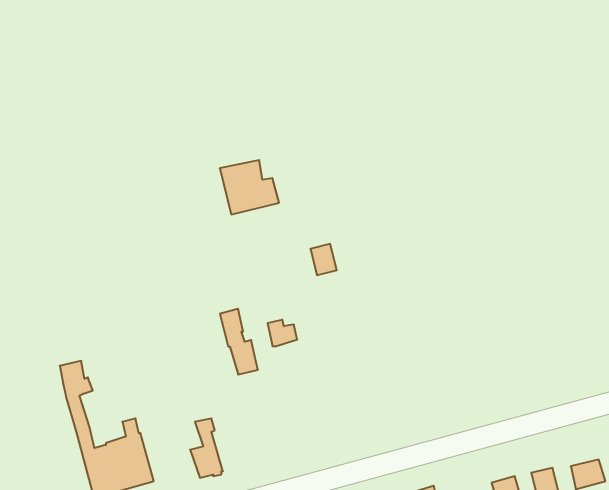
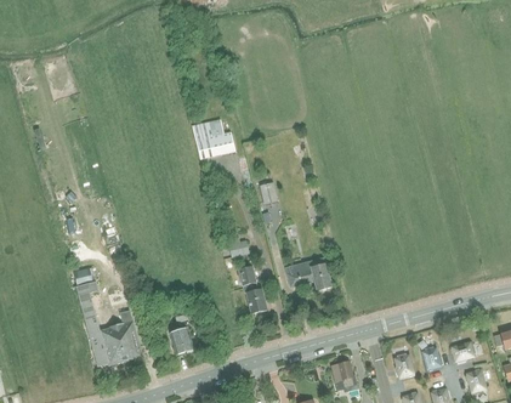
building: [220,309,258,375] -> [239,265,267,313]
building: none -> [286,257,333,290]

